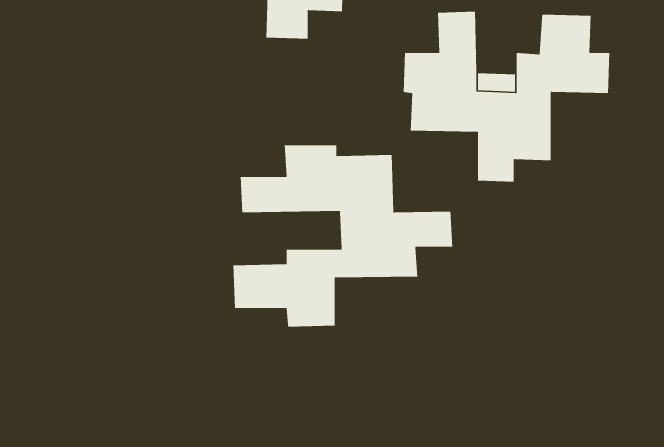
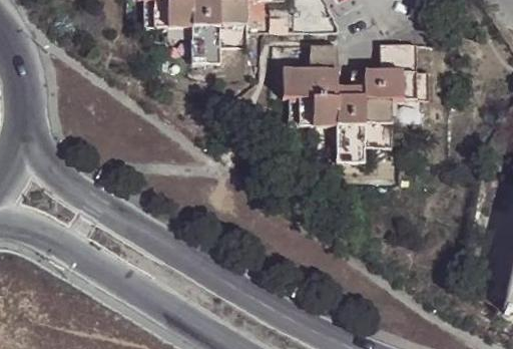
building: [232,144,453,327] -> none

